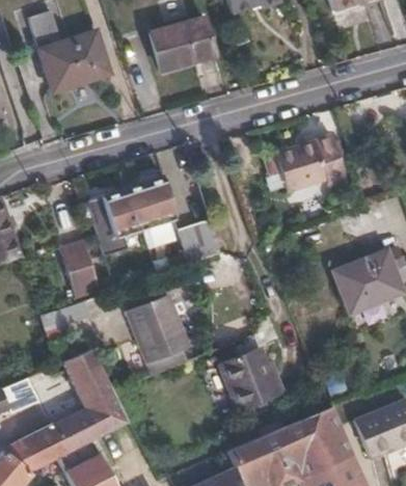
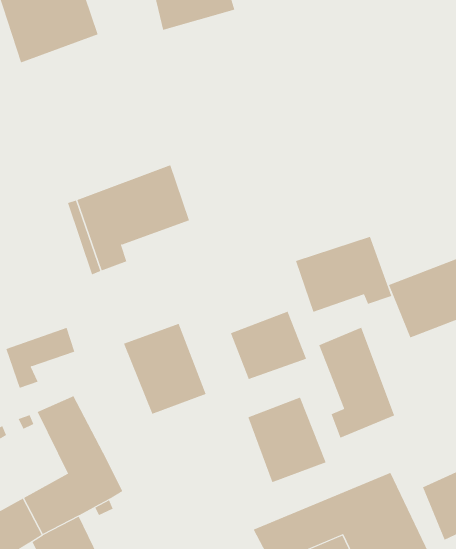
building: [268,128,342,186] -> [295,236,392,313]
building: [179,216,222,262] -> none
building: [62,240,104,293] -> none
building: none -> [230,311,307,380]
building: none -> [319,327,395,438]

